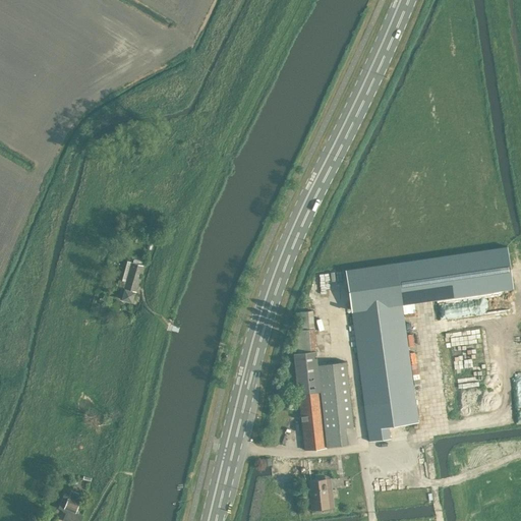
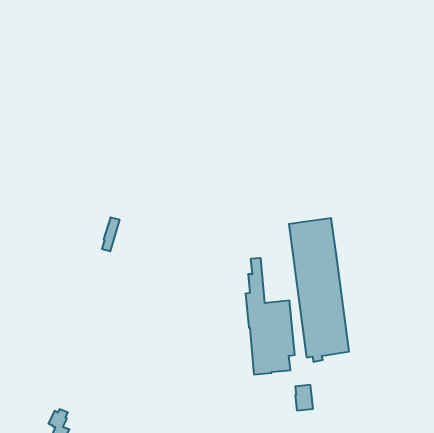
building: [397,248,513,304] -> none
building: [309,479,331,510] -> [295,385,313,410]

